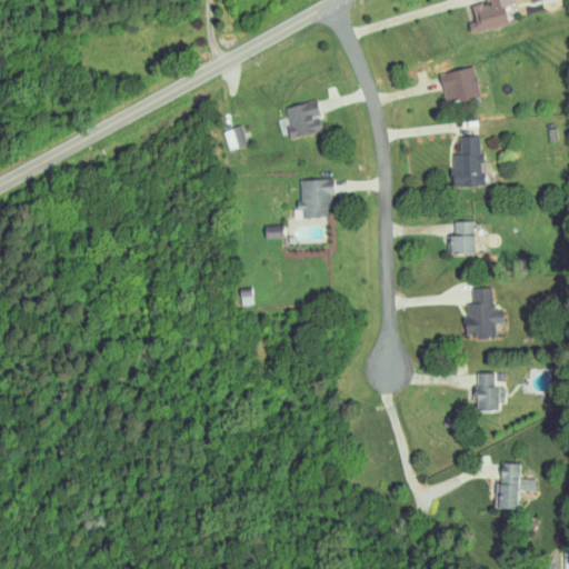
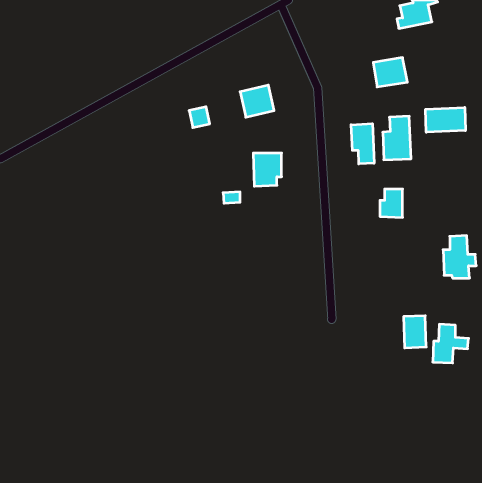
building: none -> [426,107,465,132]
building: none -> [351,124,374,164]
building: [465,288,503,338] -> [443,236,476,278]
building: [493,461,536,507] -> [433,324,469,363]

